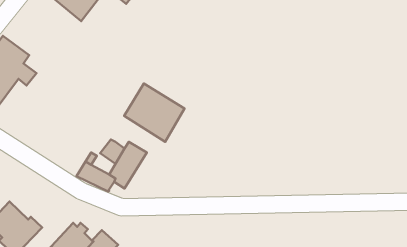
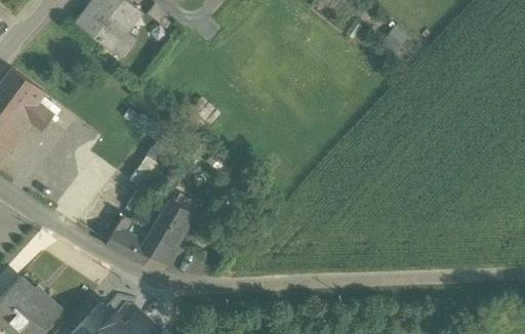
building: [124,83,185,142] -> none

